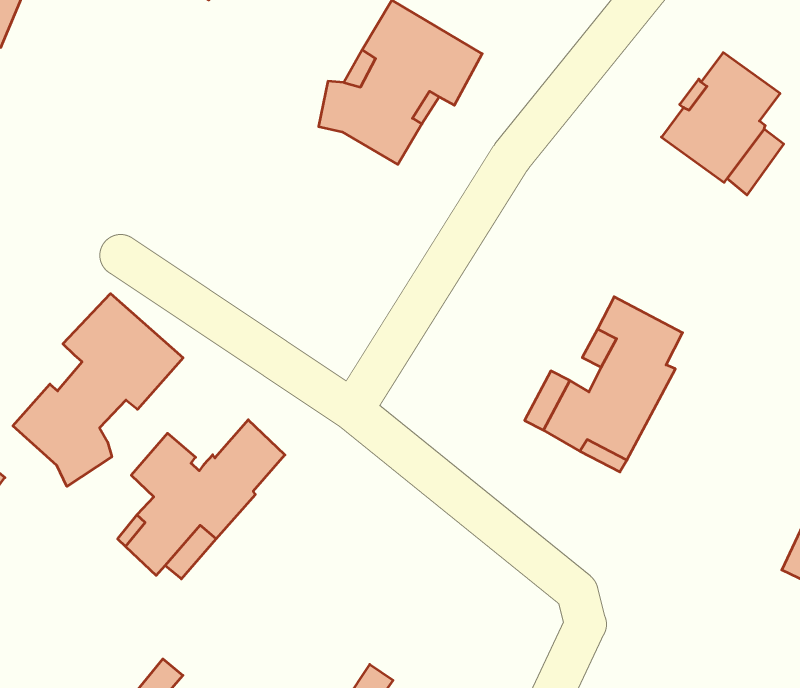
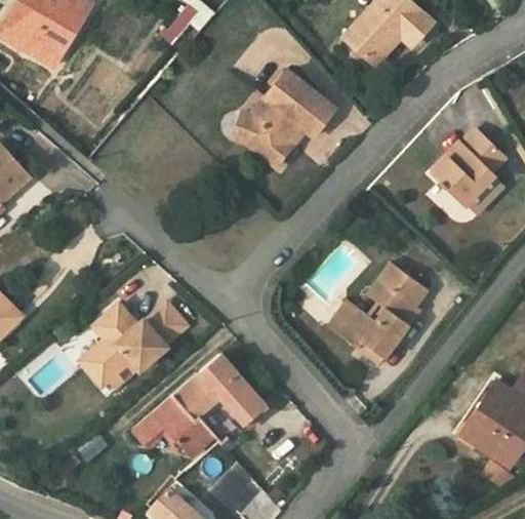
building: [13,294,183,486] -> none
building: none -> [131,352,267,453]

